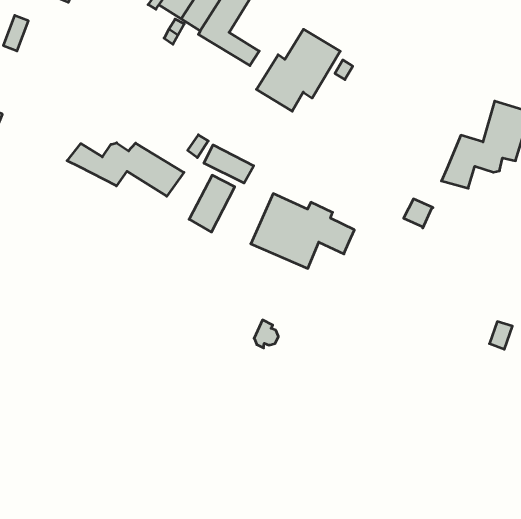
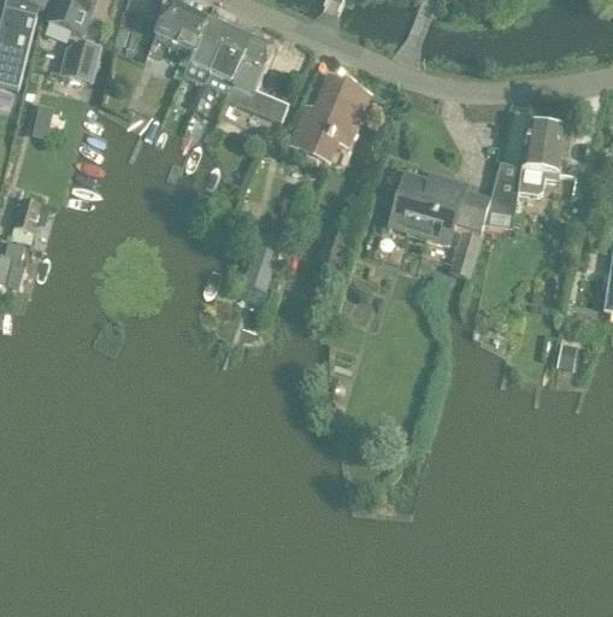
building: [67,143,184,196] -> none
building: [204,145,254,183] -> none
building: [251,194,354,268] -> [388,172,489,242]

